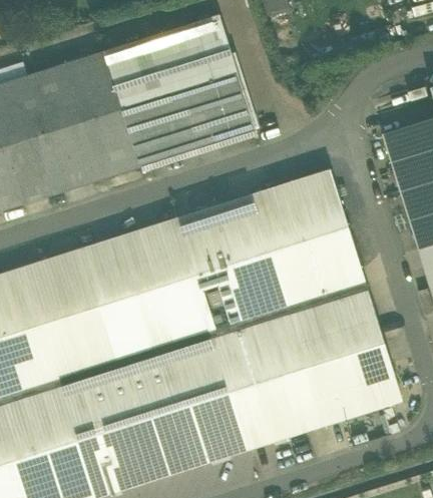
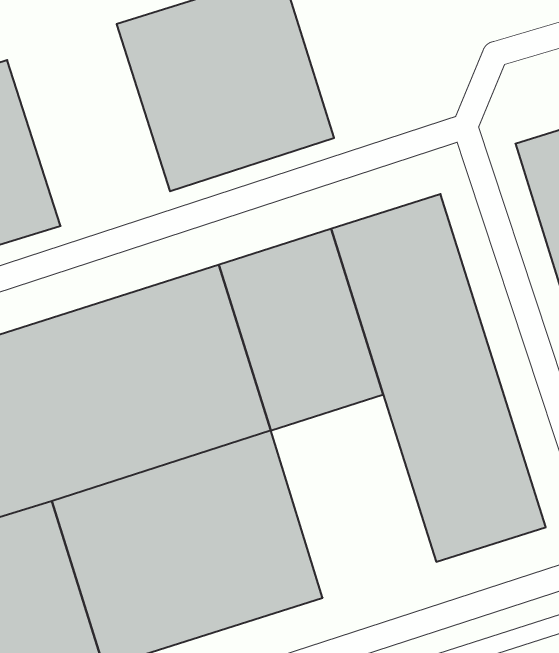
building: [28,51,141,191] -> none
building: [211,309,327,450] -> none

